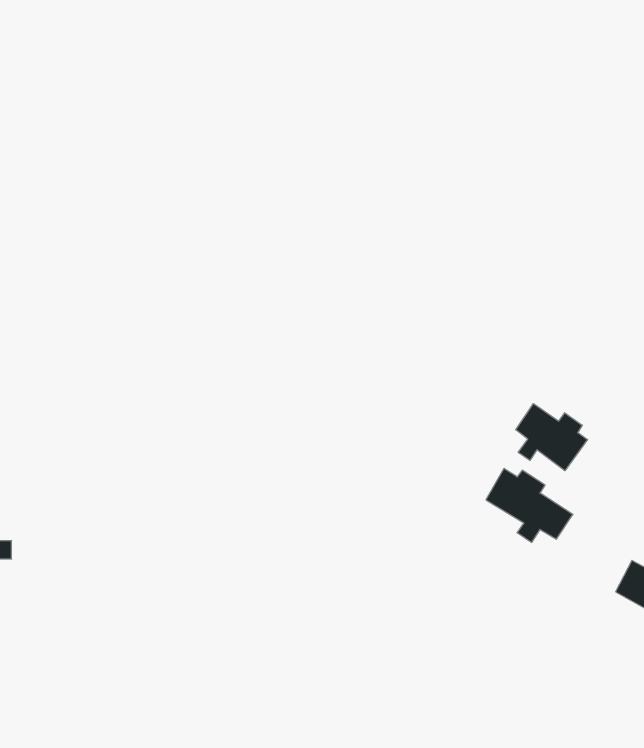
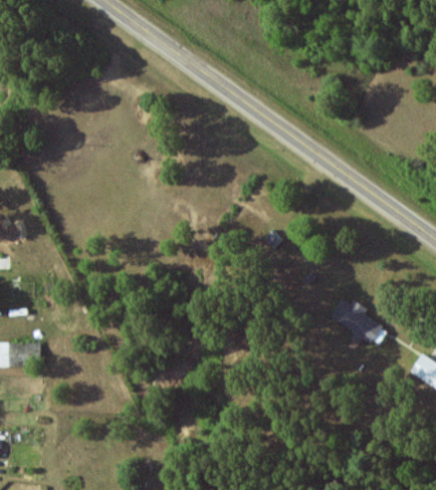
building: [516,404,588,471] -> none

